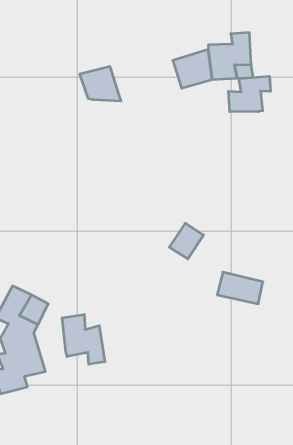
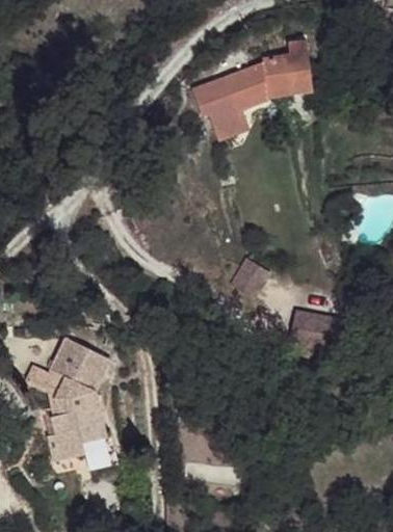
building: [80,67,121,101] -> [187,79,236,117]
building: [228,76,270,112] -> none
building: [62,314,105,364] -> none

